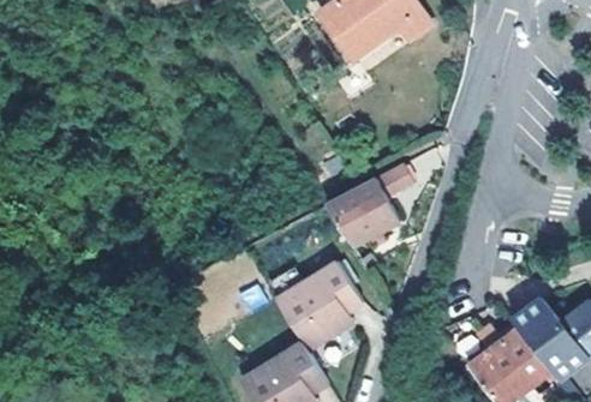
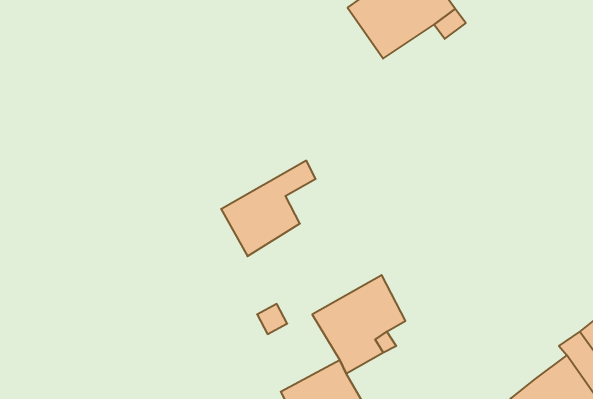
building: [324,157,411,245] -> [221,161,316,256]

